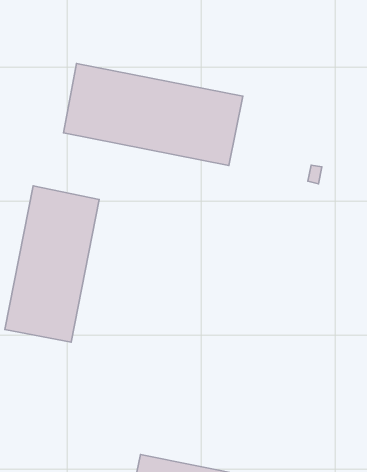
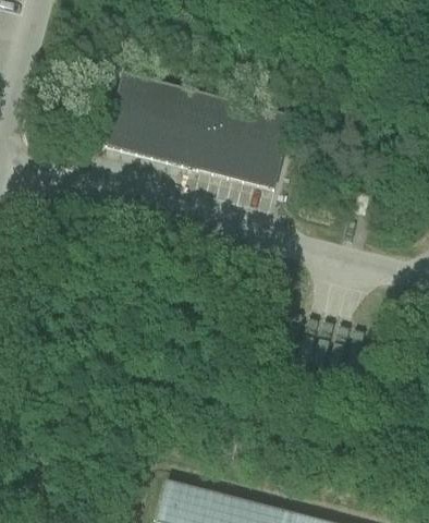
building: [5,186,99,342] -> none

